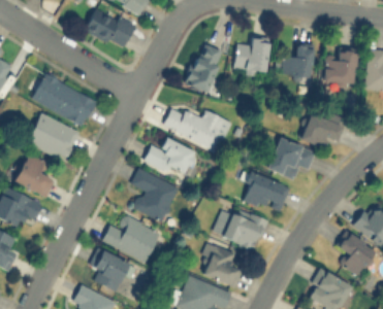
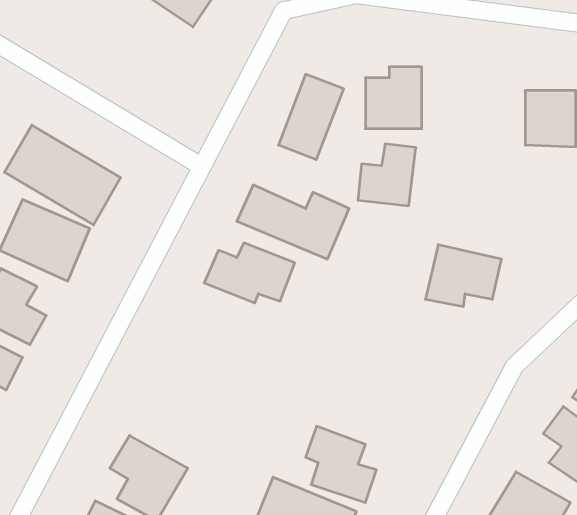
building: [85,6,134,49] -> none
building: [281,43,314,78] -> [358,144,416,206]
building: [300,110,345,147] -> none
building: [130,167,179,222] -> none
building: [241,172,288,209] -> none
building: [212,205,266,251] -> none
building: [101,215,160,263] -> none

